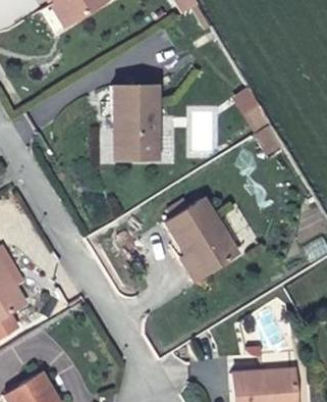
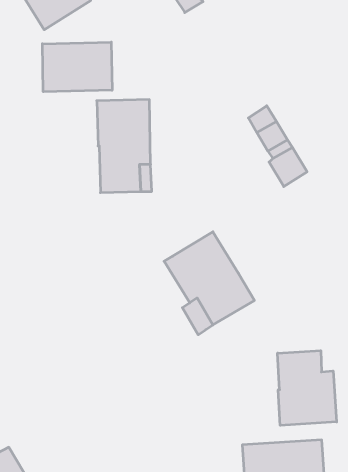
building: none -> [42,42,112,92]
building: none -> [278,351,337,425]

